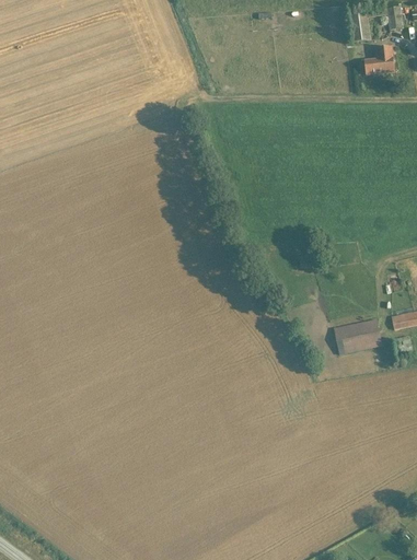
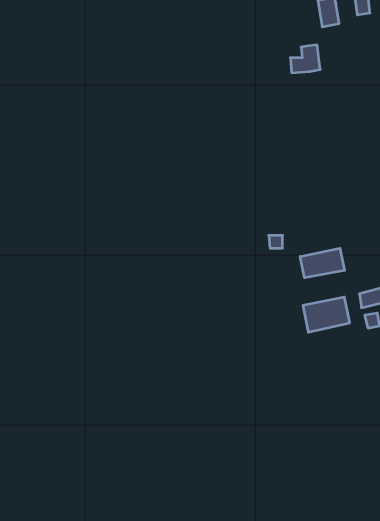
building: [364,46,395,74] -> [290,45,320,73]
building: none -> [300,248,345,278]

